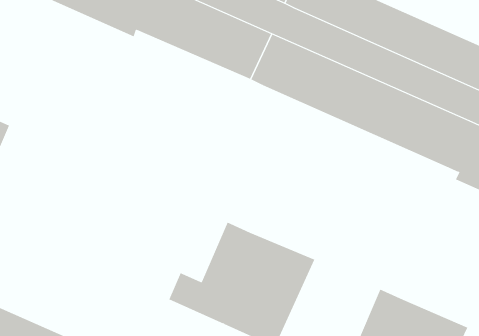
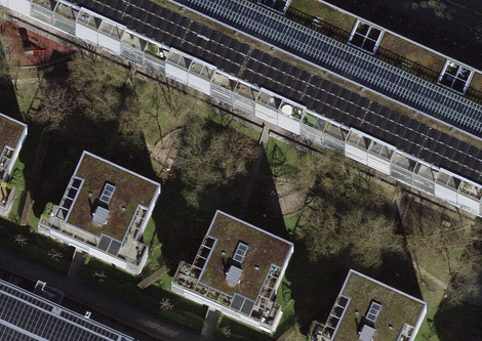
building: none -> [35,151,162,259]

